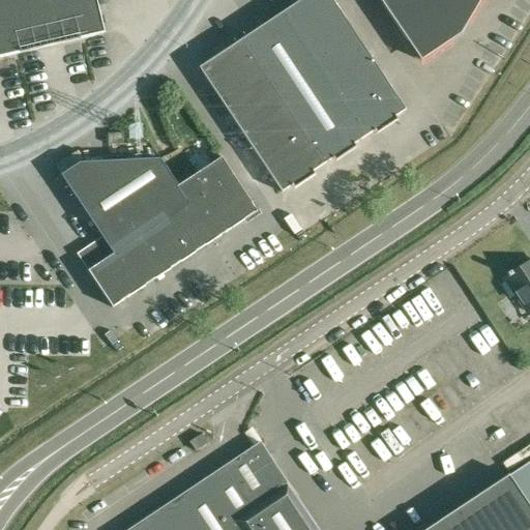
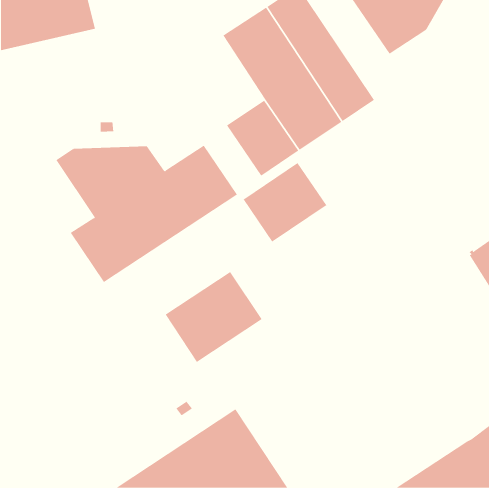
building: [200,38,287,136] -> none
building: none -> [243,162,327,243]
building: none -> [165,271,262,363]

